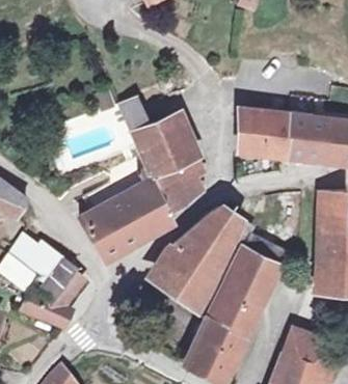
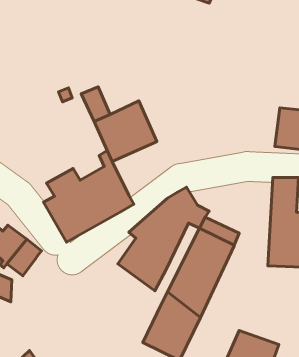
building: [238,112,327,161] -> none
building: [152,157,202,212] -> none
building: [46,275,84,330] -> none
building: [285,331,331,367] -> none

